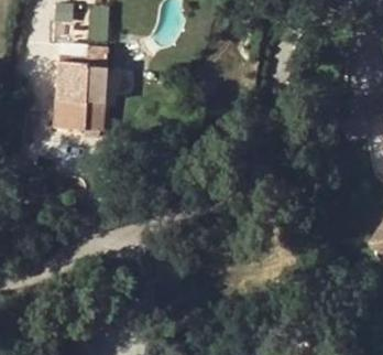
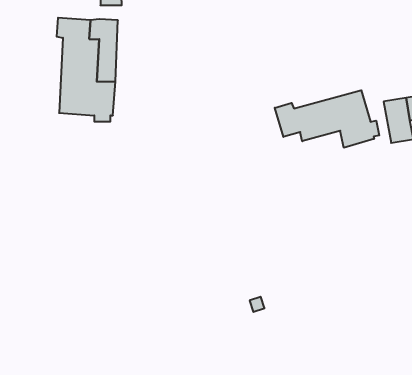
building: none -> [275,90,379,148]

